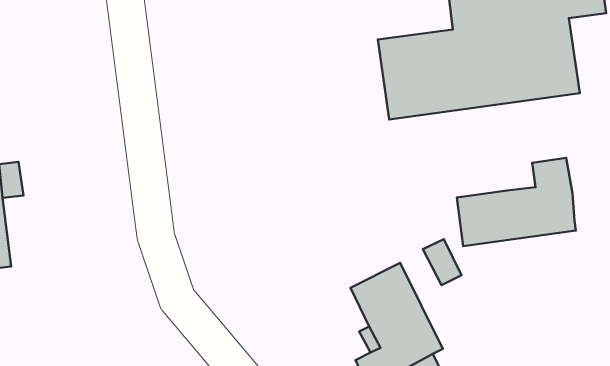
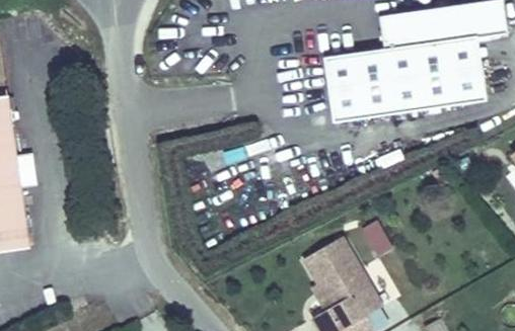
building: [457,158,576,246] -> none

